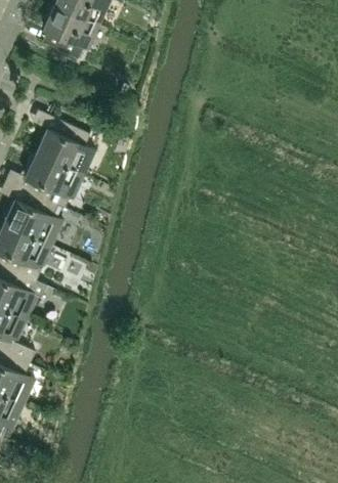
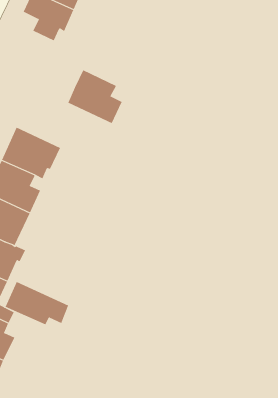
building: [36,117,95,175] -> [68,70,123,124]
building: none -> [5,281,69,325]

